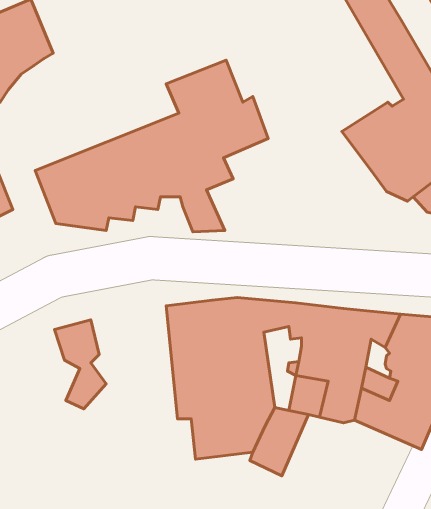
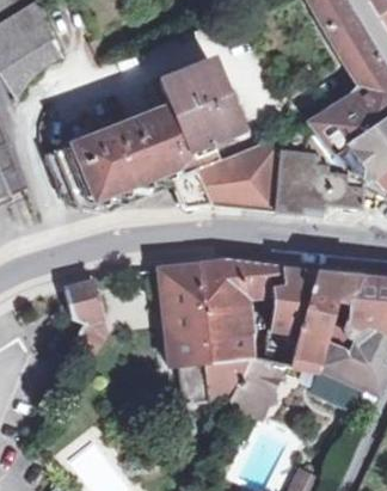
building: none -> [192,123,358,213]
building: none -> [315,367,376,410]

